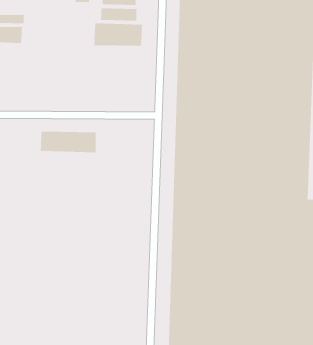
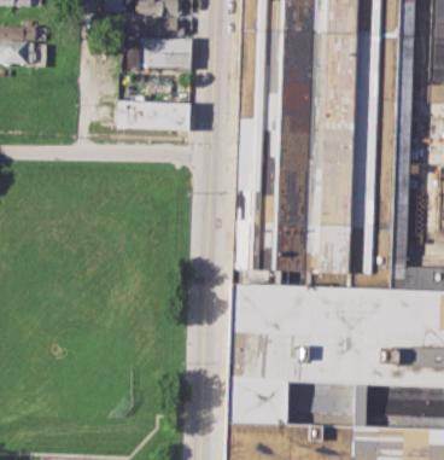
building: [40,131,97,153] -> [118,101,192,130]

